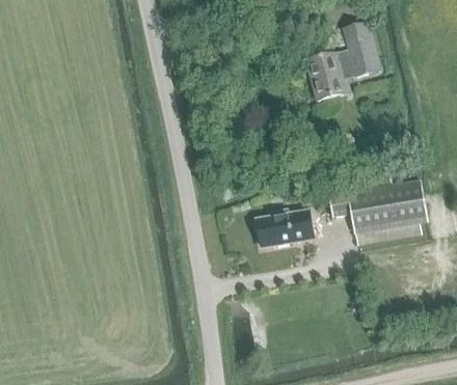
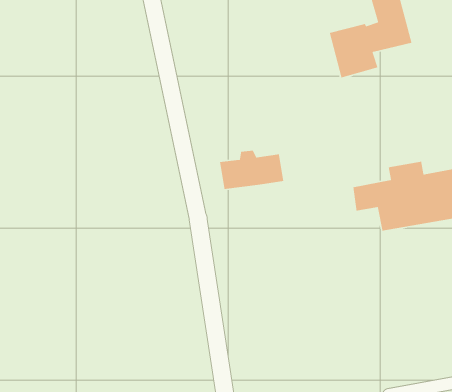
building: [257,210,314,245] -> [219,150,284,190]

